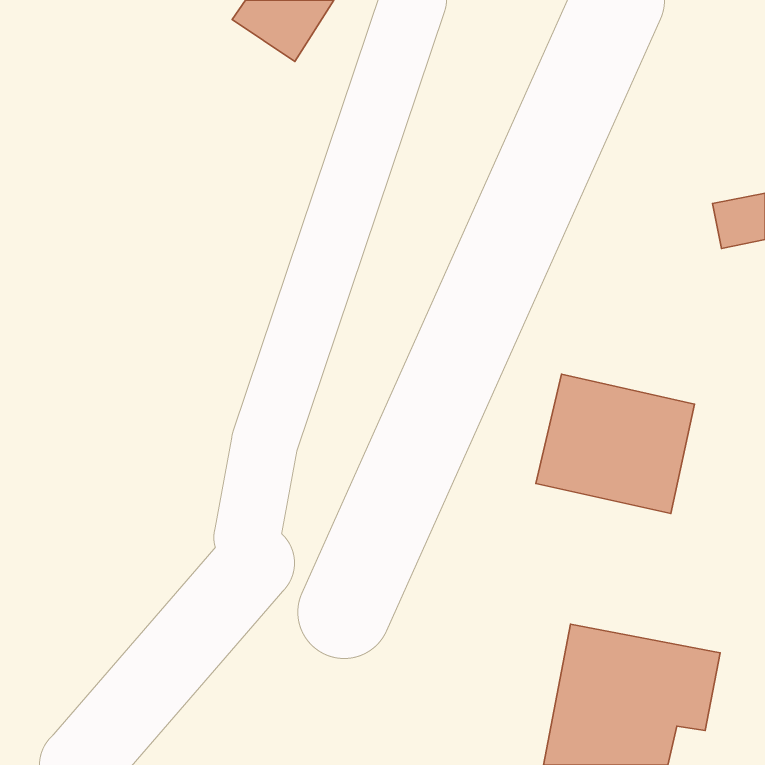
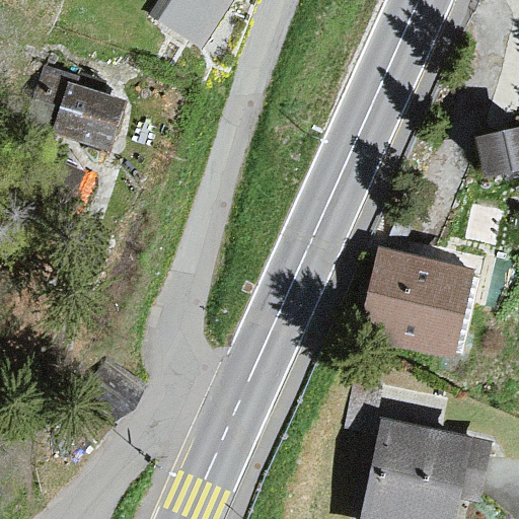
building: none -> [32,68,124,146]

